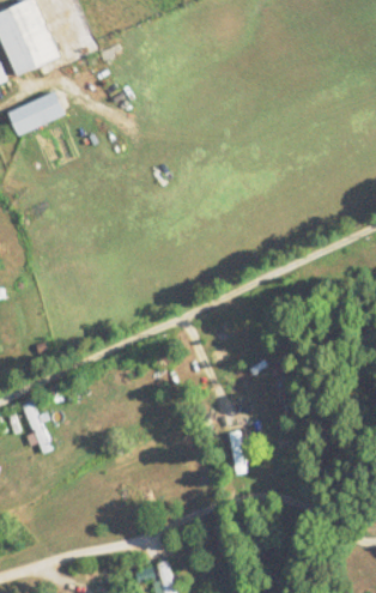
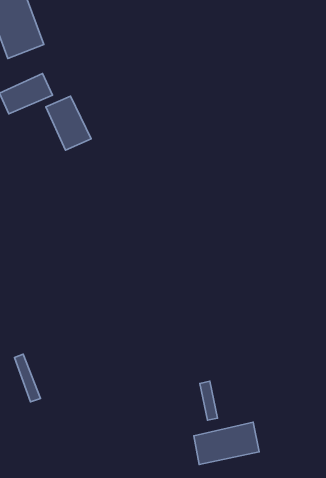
building: none -> [46,96,91,150]
building: none -> [194,422,259,464]

